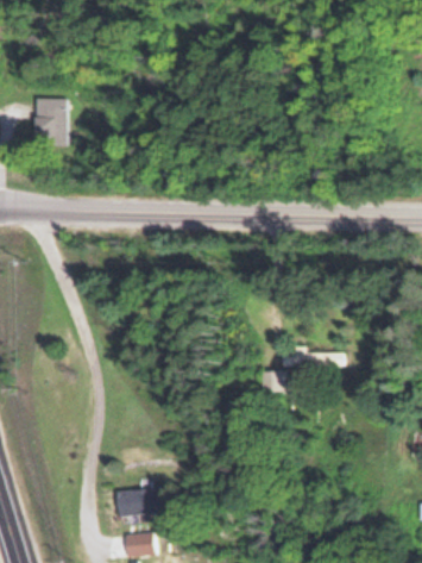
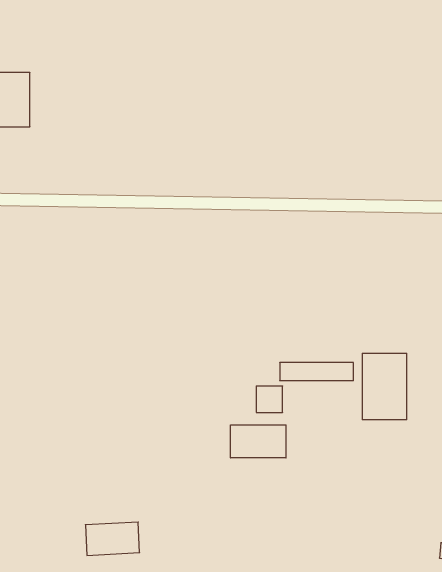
building: none -> [362,353,407,420]
building: none -> [231,425,286,458]

